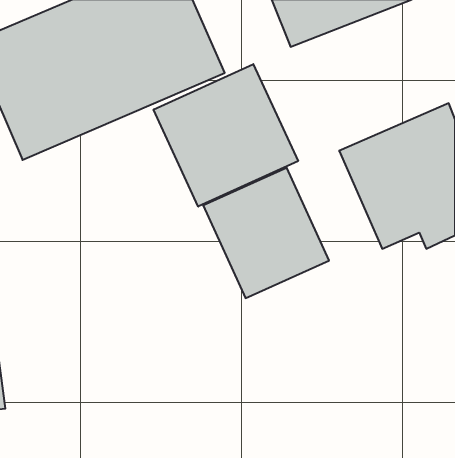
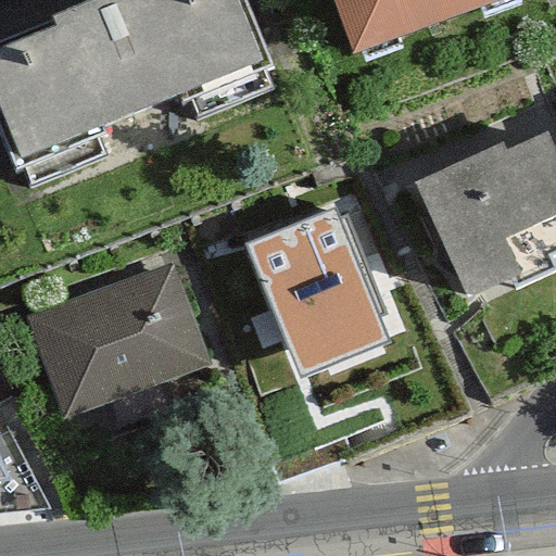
building: [154,64,298,207] -> none
building: none -> [40,260,213,412]

